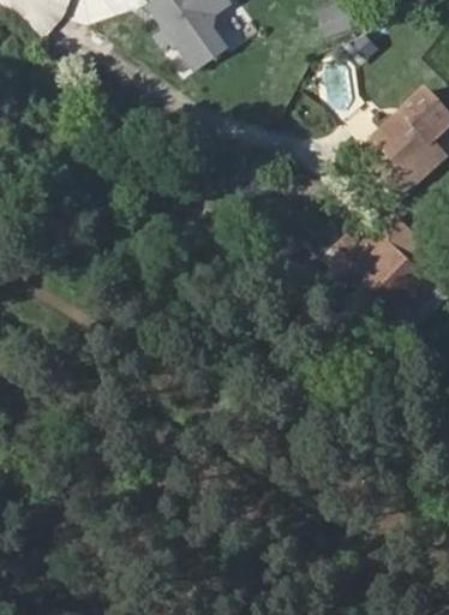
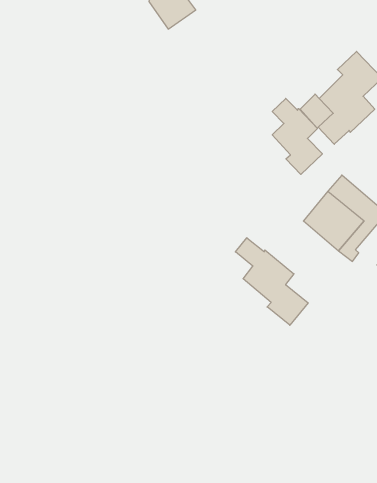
building: none -> [272,98,322,174]
building: none -> [235,238,308,325]

